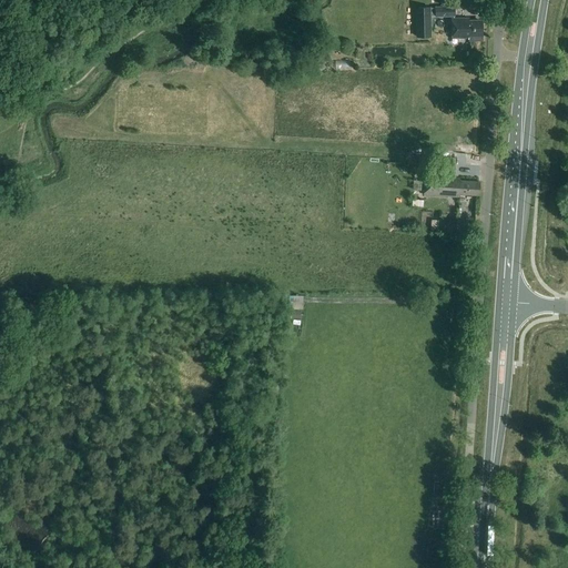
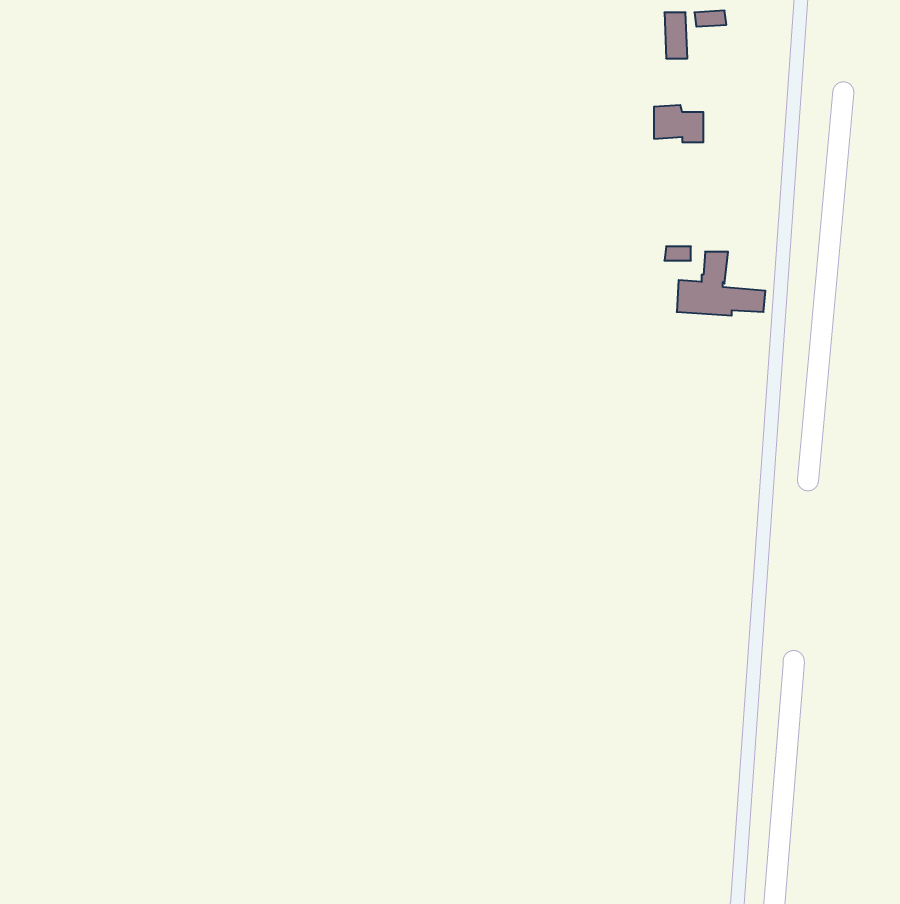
building: [455,18,486,41] -> [654,105,703,142]

